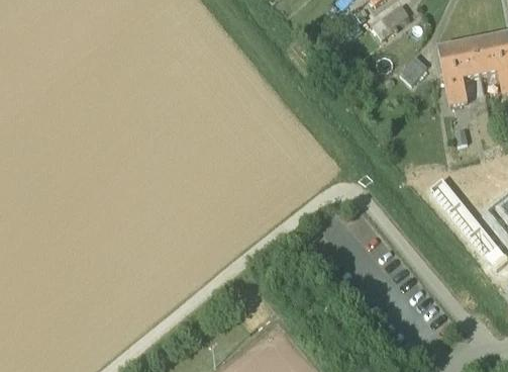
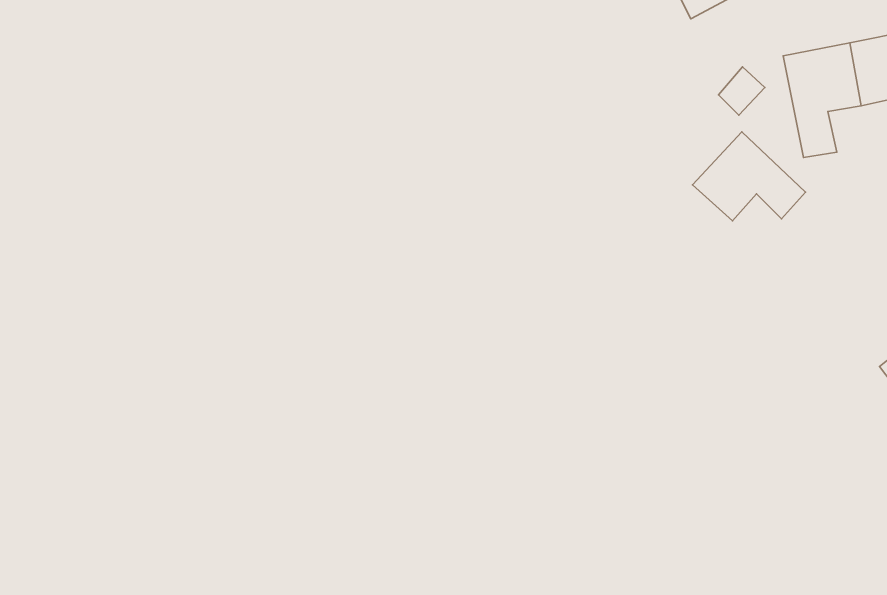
building: none -> [692,132,805,221]

